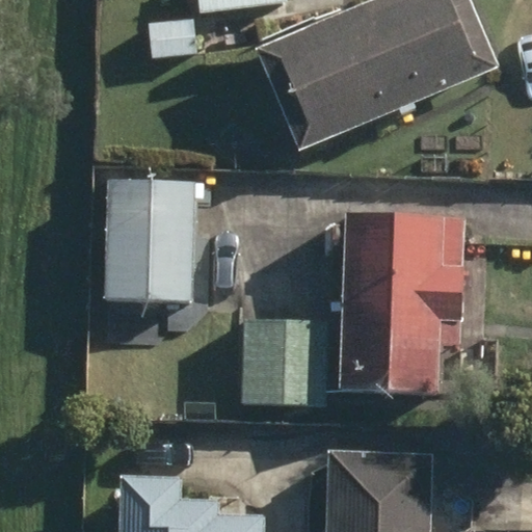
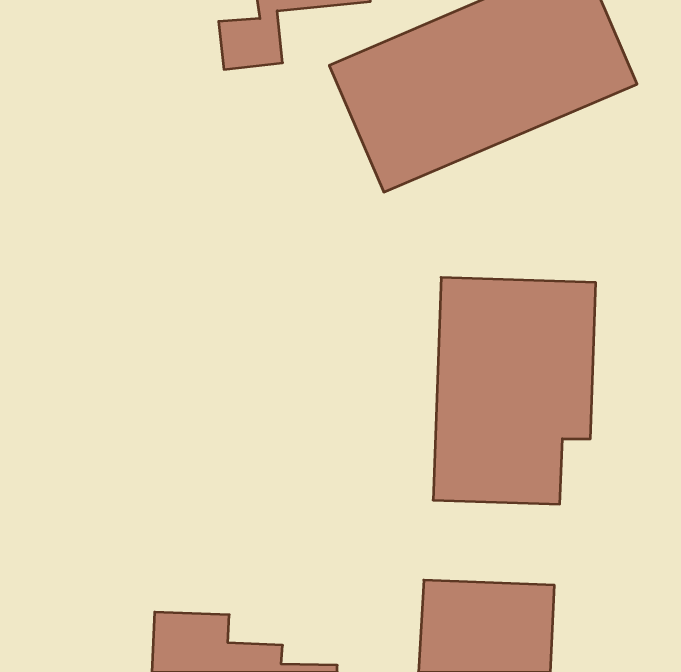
building: [103,179,196,299] -> none
building: [242,320,329,402] -> none

